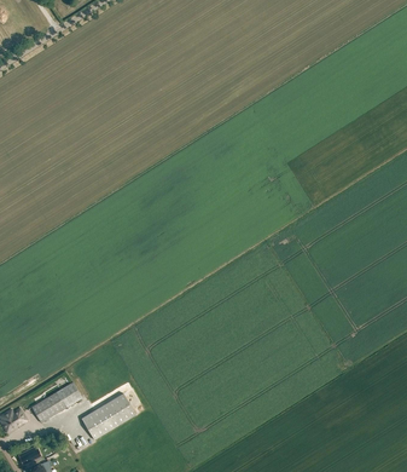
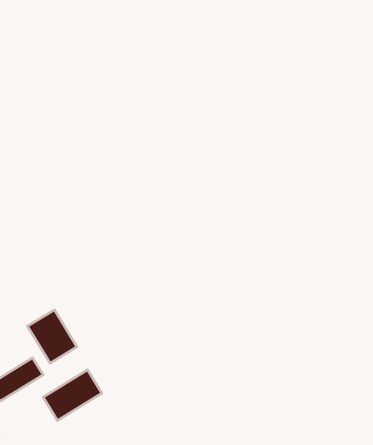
building: none -> [28,310,77,363]

